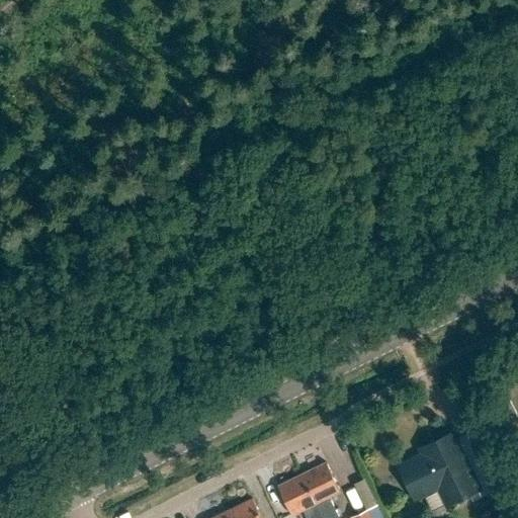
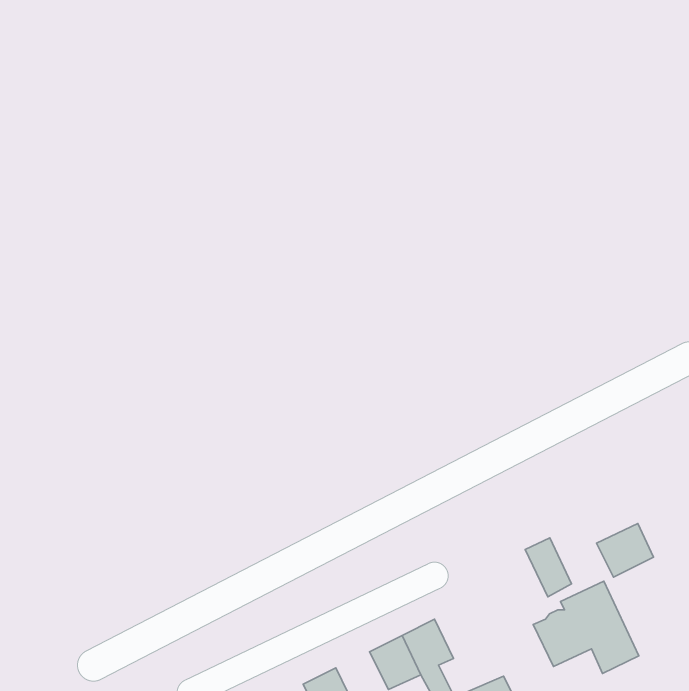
building: none -> [597,524,654,577]
building: none -> [525,538,571,597]

